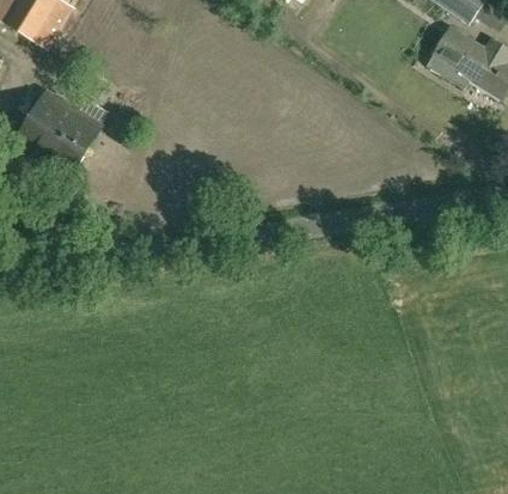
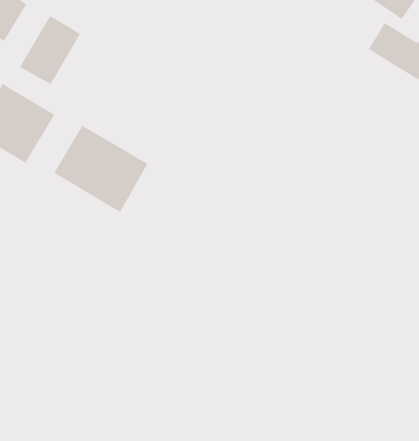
building: none -> [19,15,81,85]
building: none -> [54,125,148,213]

